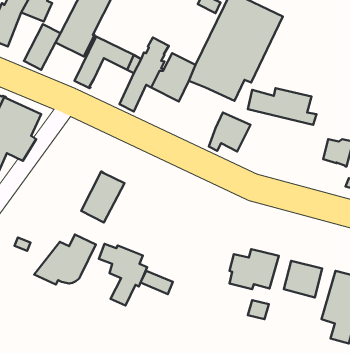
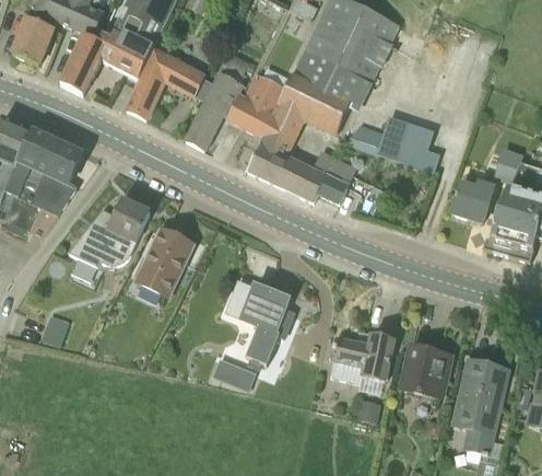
building: none -> [248,109,311,196]
building: [34,234,96,284] -> [69,199,150,265]
building: [99,244,147,306] -> [231,283,294,364]

